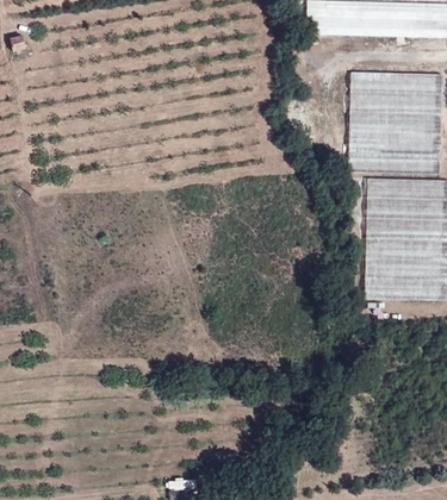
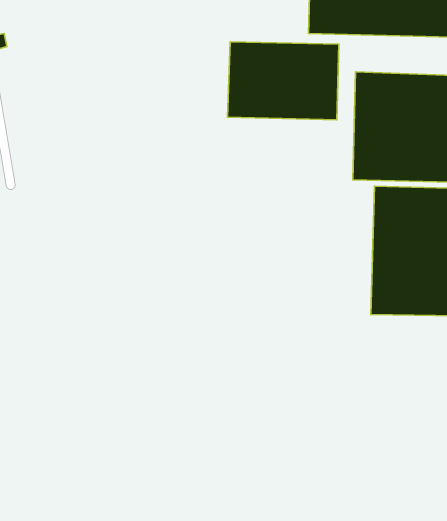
building: none -> [227,42,339,120]

